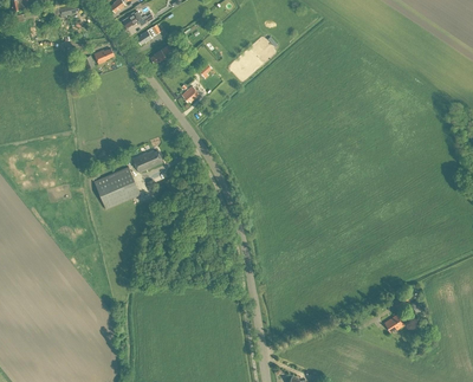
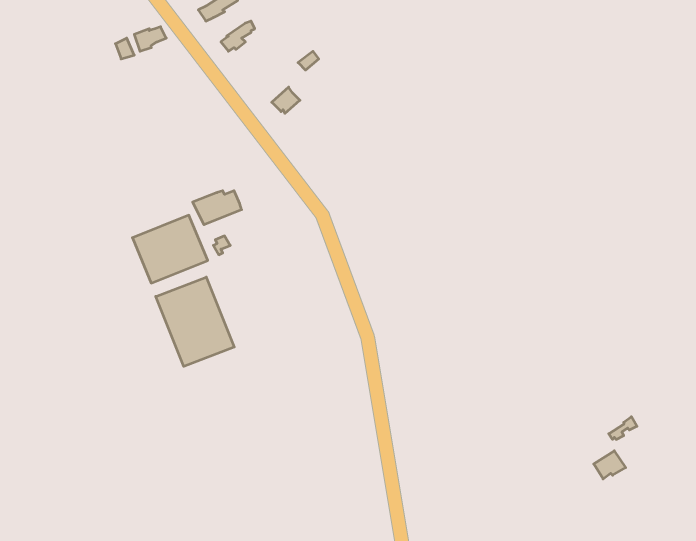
building: none -> [156,277,234,366]

